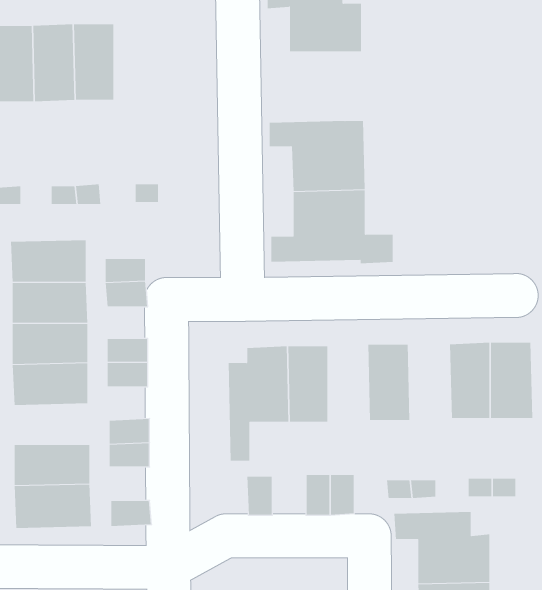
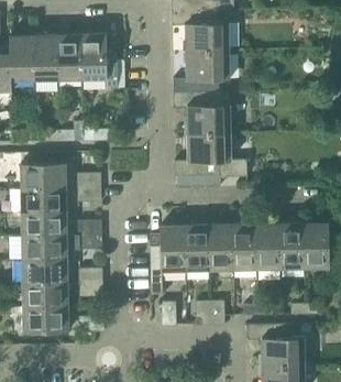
building: none -> [81,34,125,89]
building: none -> [173,52,229,94]
building: none -> [208,225,232,271]
building: none -> [255,225,280,270]
building: none -> [22,260,67,284]

